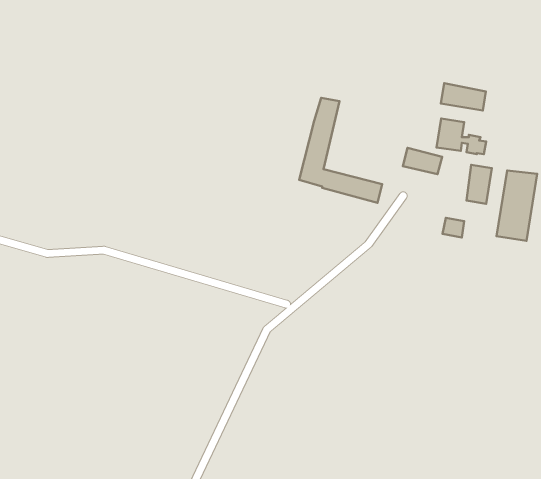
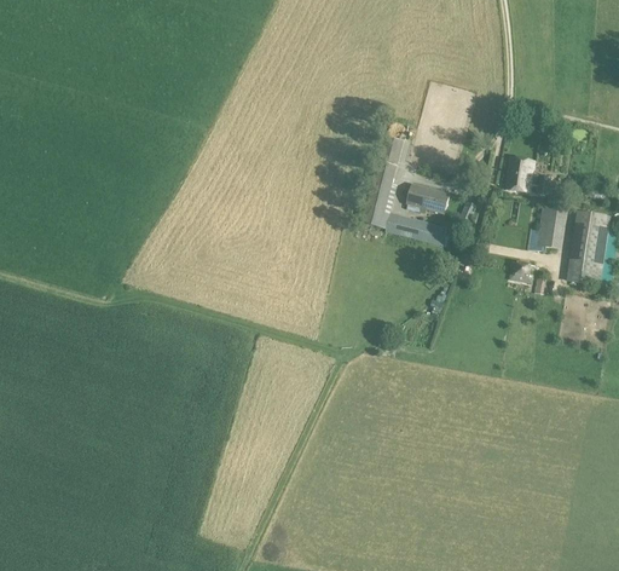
building: [441,83,486,111] -> none
building: [403,148,442,174] -> [407,185,449,213]

